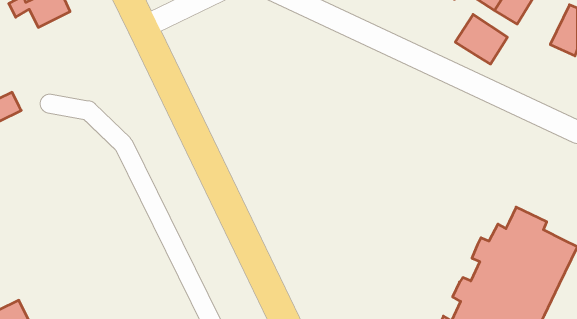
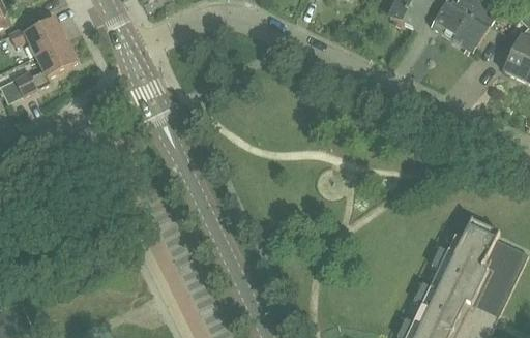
building: none -> [13,40,76,97]
building: [455,14,507,64] -> none

